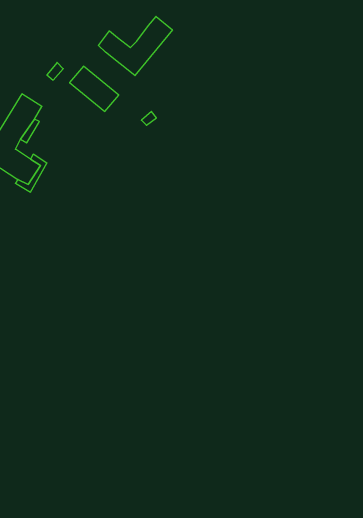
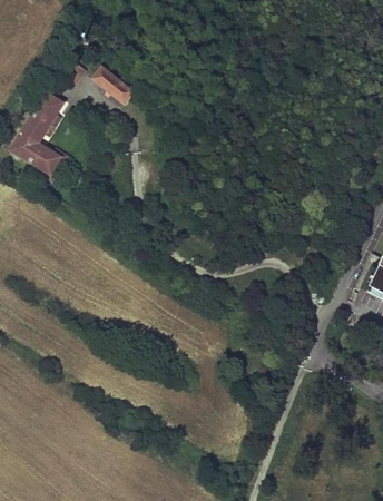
building: [98,16,172,76] -> none

